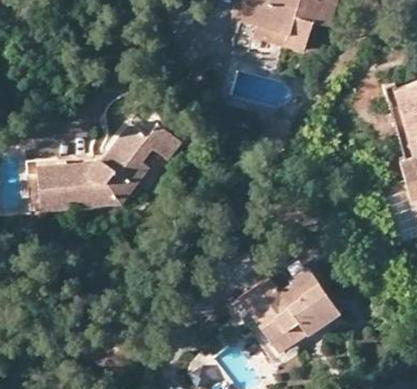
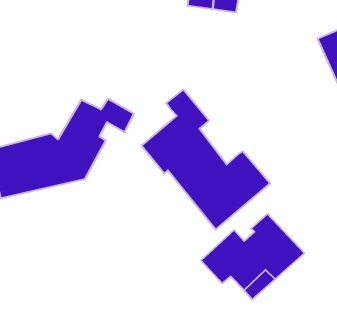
building: none -> [142,90,270,230]

